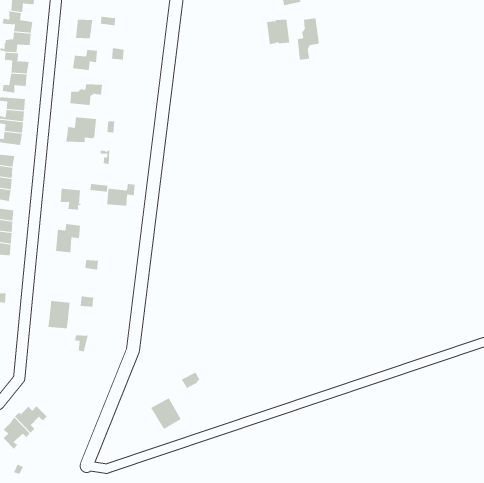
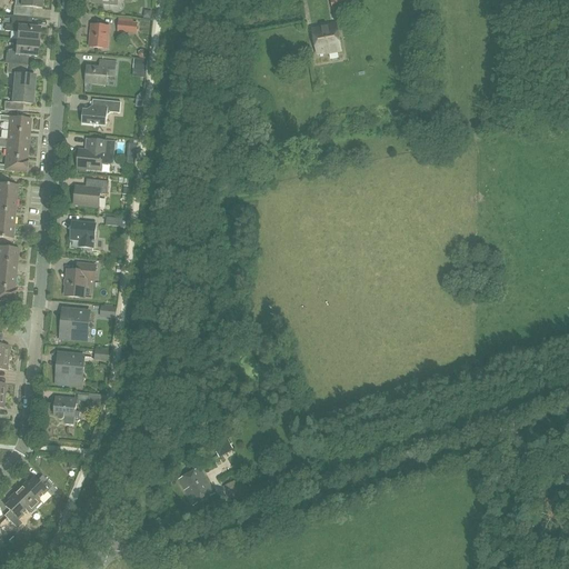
building: [297,18,320,61] -> none
building: [106,184,136,206] -> [73,178,108,204]
building: none -> [59,308,88,339]
building: none -> [51,395,78,422]

